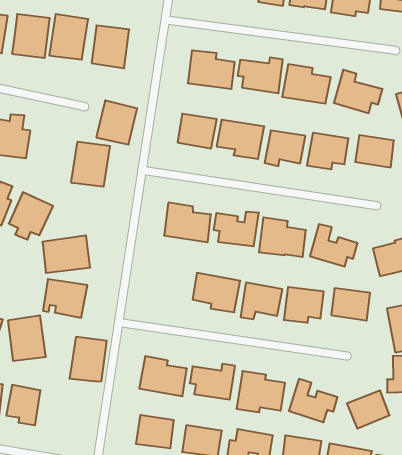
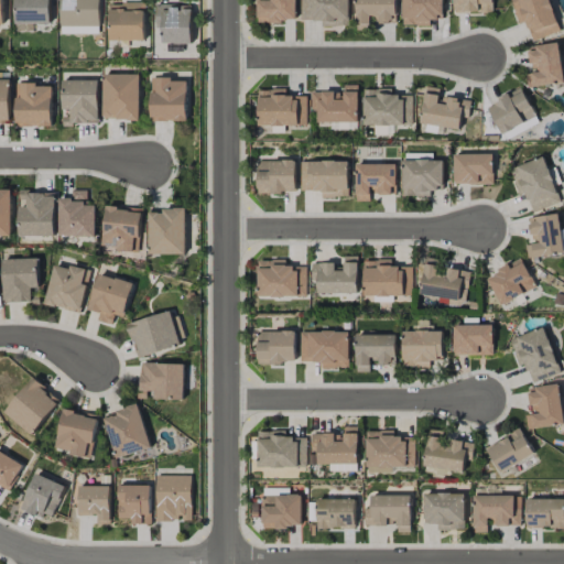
building: [96,100,137,145] -> [101,206,141,250]
building: none -> [256,332,295,364]
building: [69,337,107,381] -> [155,475,191,522]

